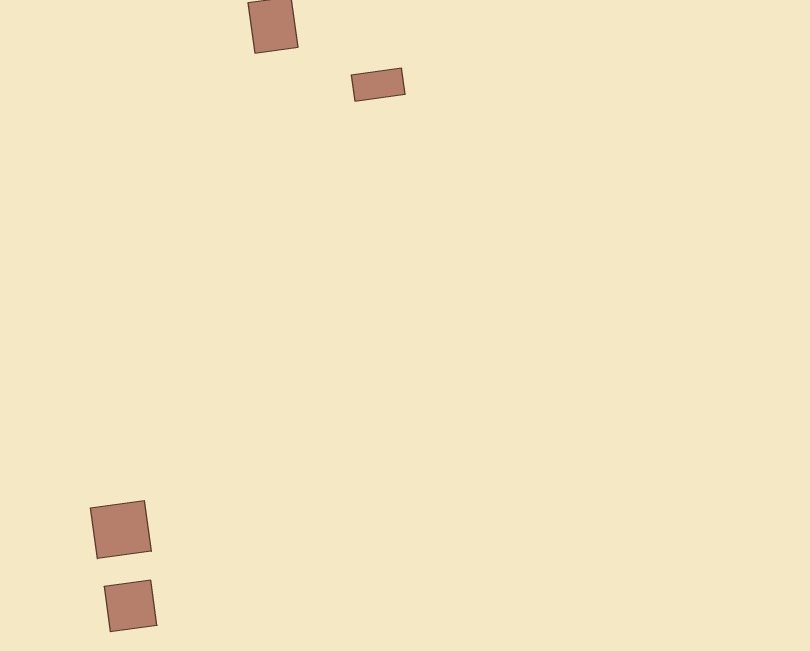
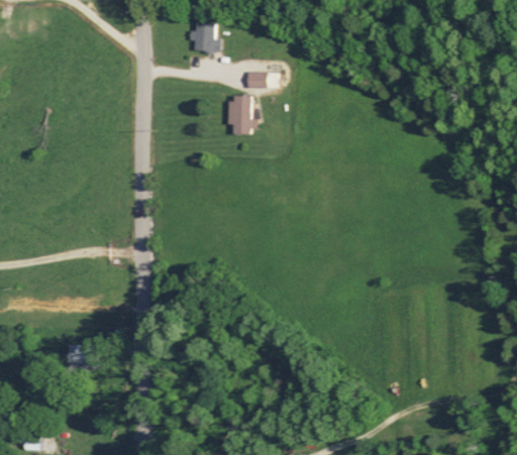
building: none -> [228,95,256,133]
building: [91,501,151,559] -> none

